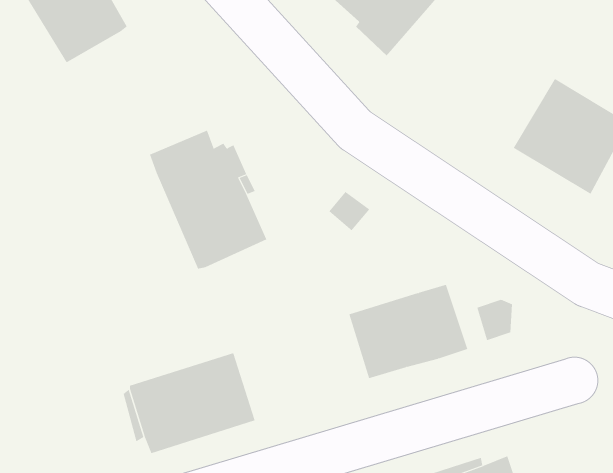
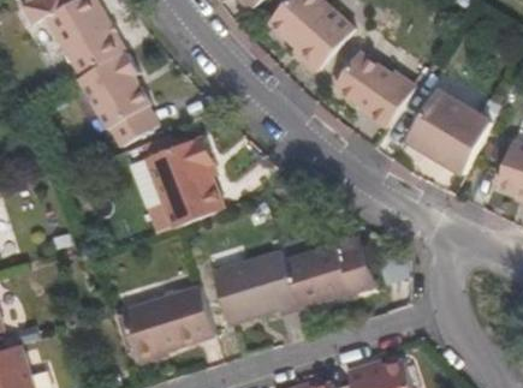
building: none -> [335,52,414,127]
building: none -> [78,55,150,132]
building: none -> [214,250,301,322]

